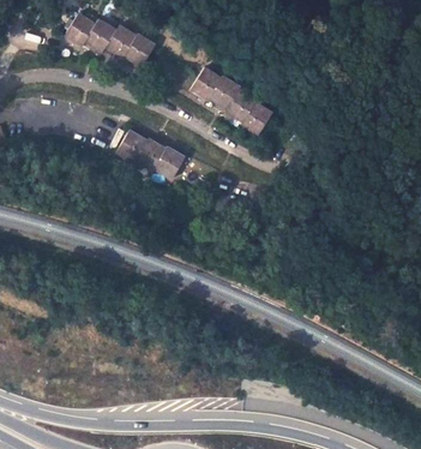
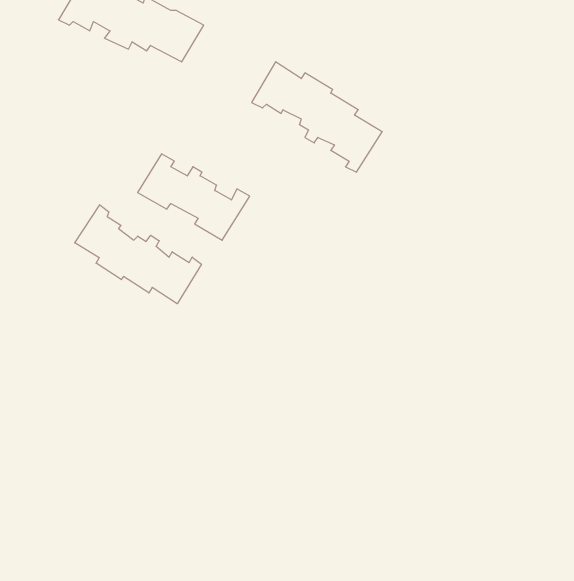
building: none -> [75,205,201,304]

